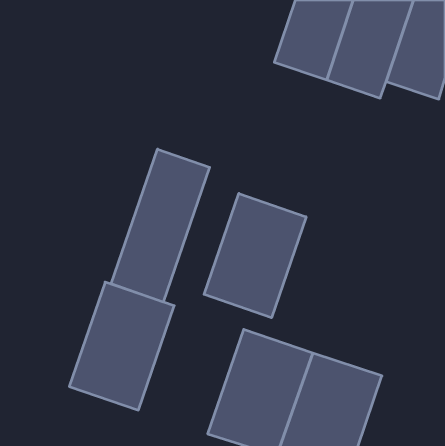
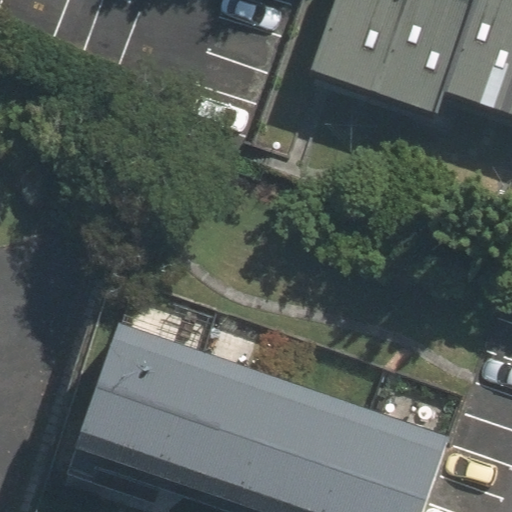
building: [111,149,210,302] -> none
building: [204,193,306,318] -> none
building: none -> [158,351,278,497]

